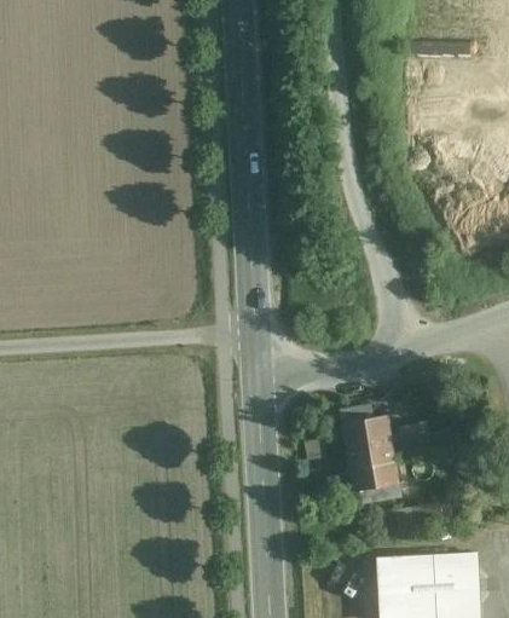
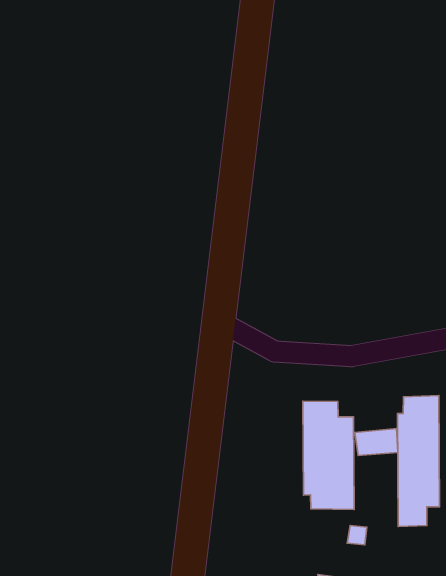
building: none -> [398,396,439,527]

